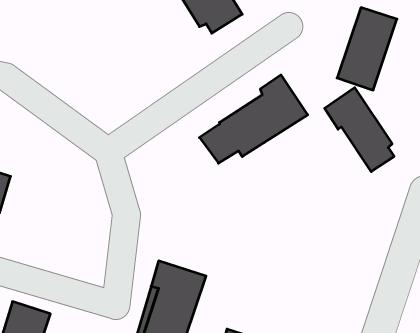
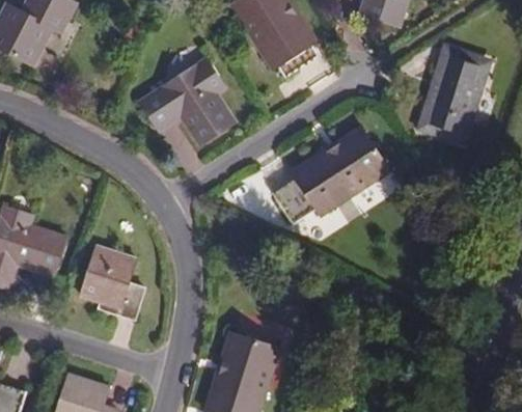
building: none -> [139,59,233,144]
building: [325,88,394,172] -> none
building: none -> [79,244,144,317]

